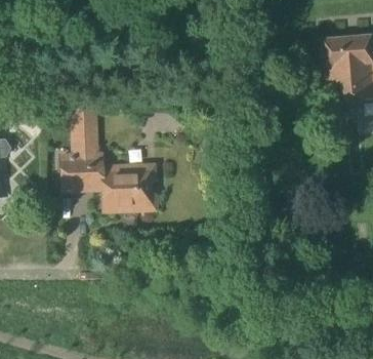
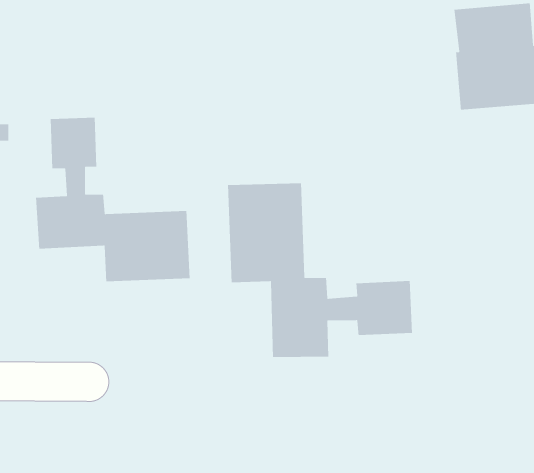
building: none -> [227,182,413,358]

